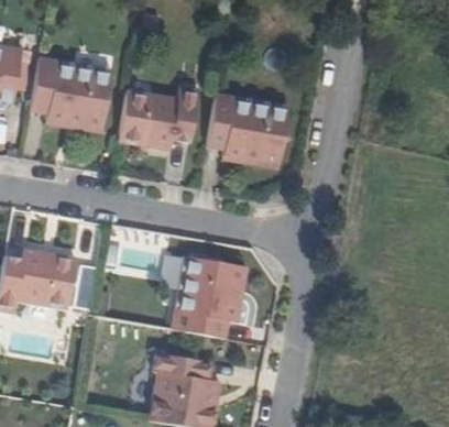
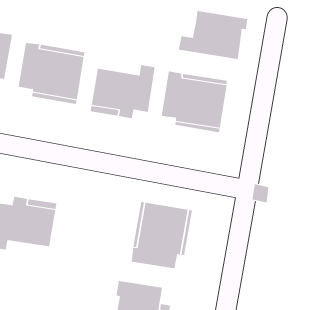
building: none -> [178,10,248,60]

